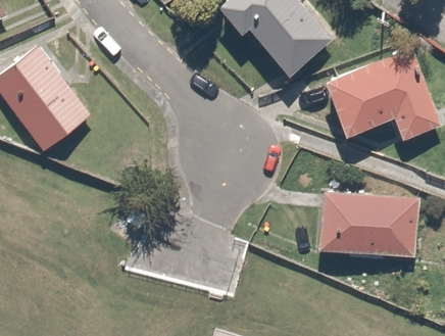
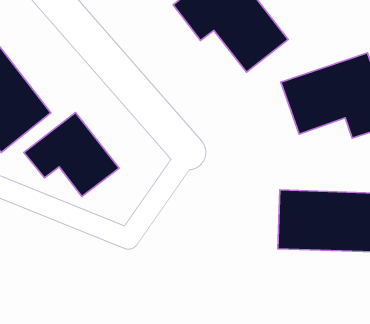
building: none -> [24,113,119,197]

